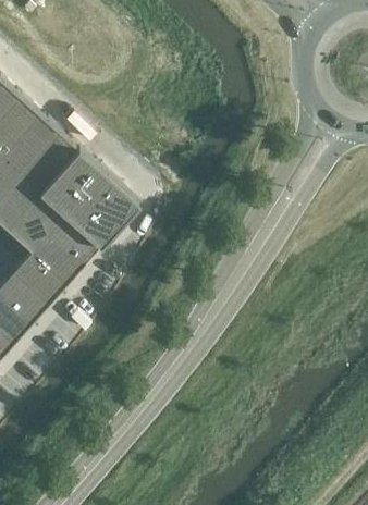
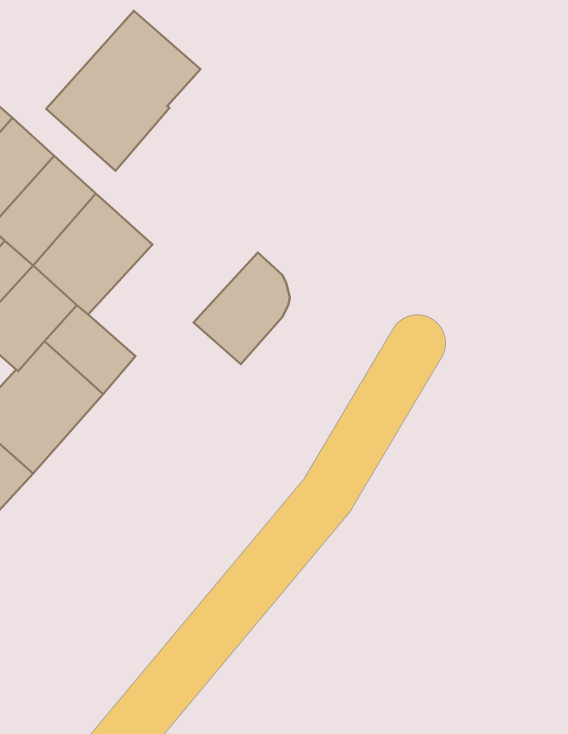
building: none -> [46,11,201,171]
building: [73,181,128,245] -> [193,253,290,364]

